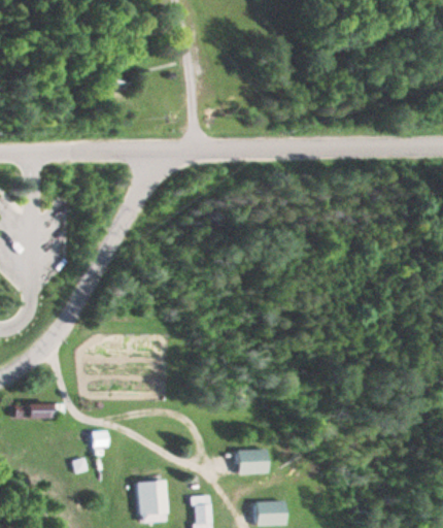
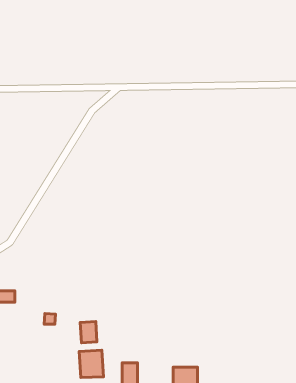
building: none -> [80,321,97,343]
building: [236,450,267,473] -> none

